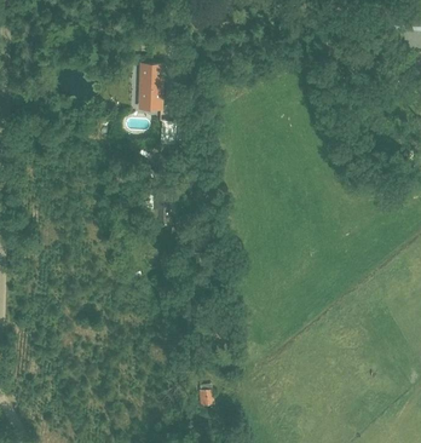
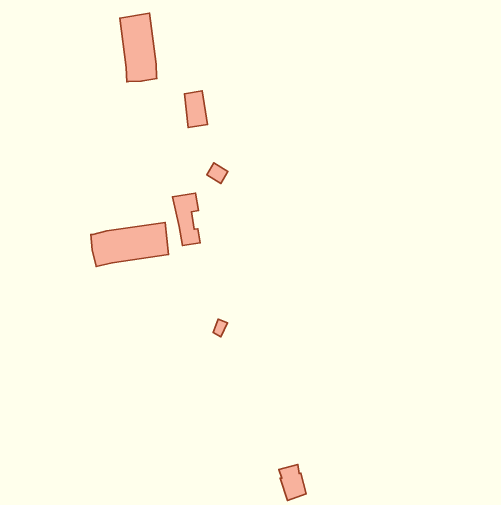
building: none -> [91,222,168,266]

